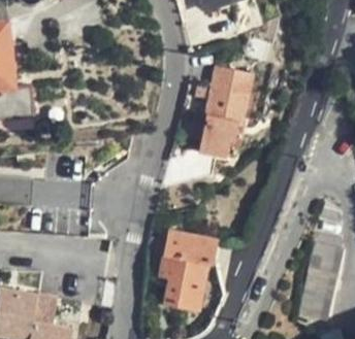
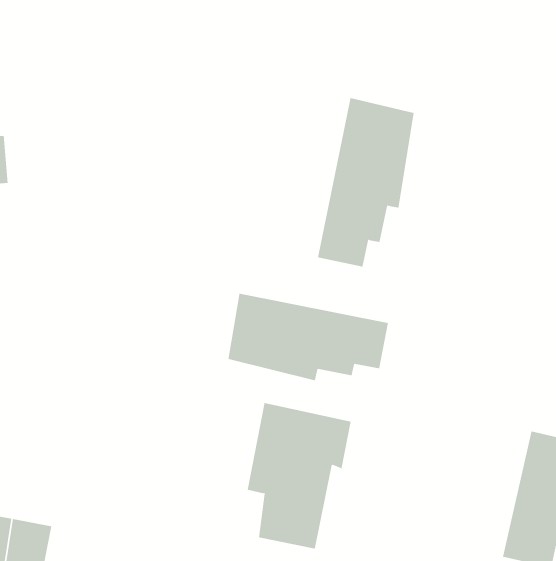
building: none -> [228,293,389,381]

